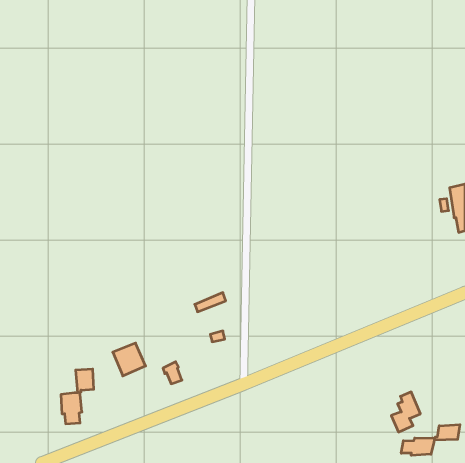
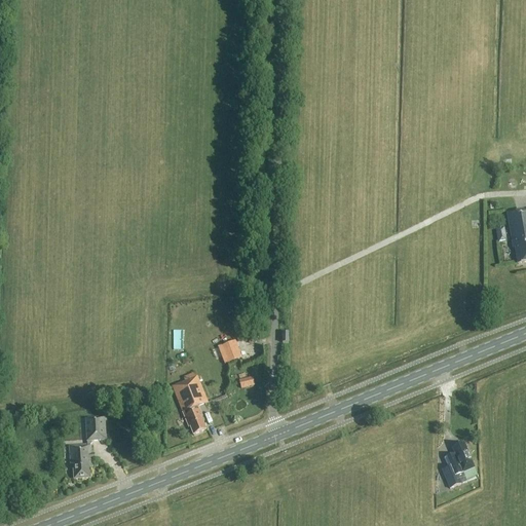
building: [113,343,146,376] -> [172,375,209,412]
building: [401,425,460,455] -> none

